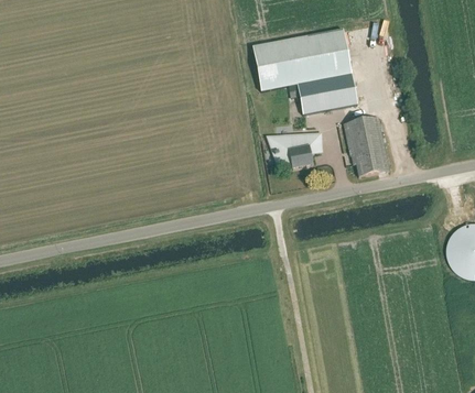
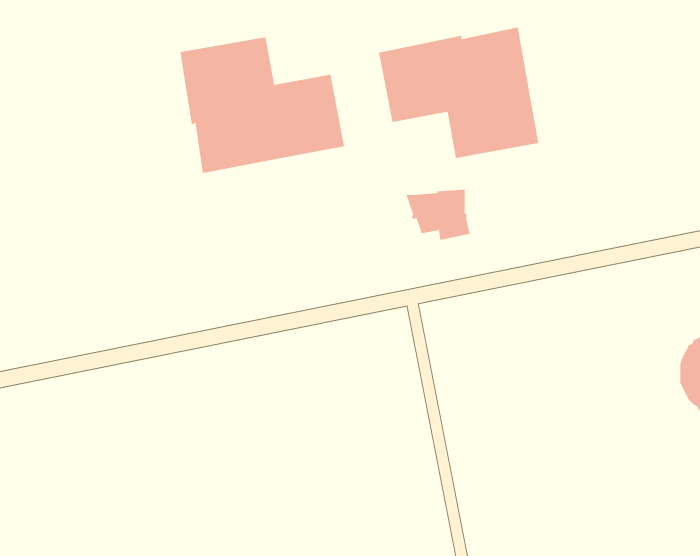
building: none -> [180,36,344,174]
building: [344,116,388,176] -> none

